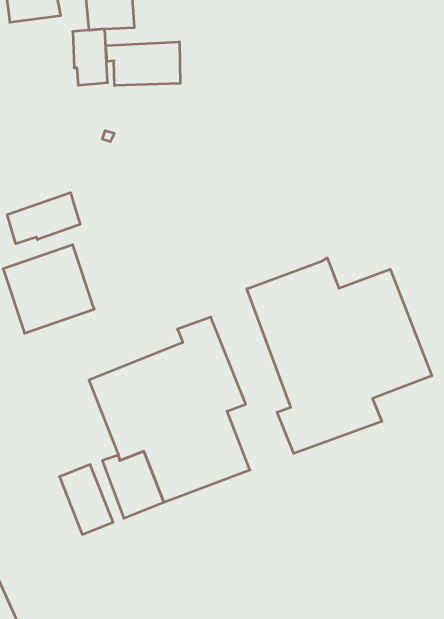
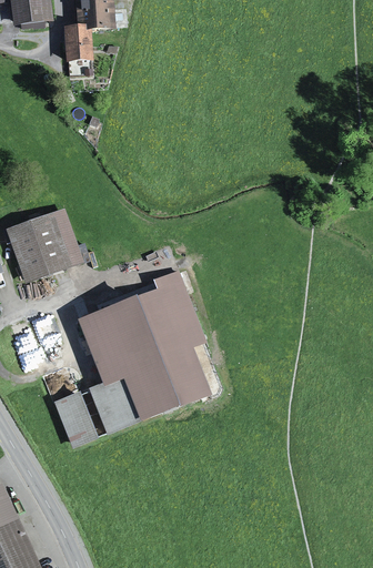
building: [106,42,180,86] -> none
building: [7,193,80,244] -> none
building: [247,258,432,453] -> none

